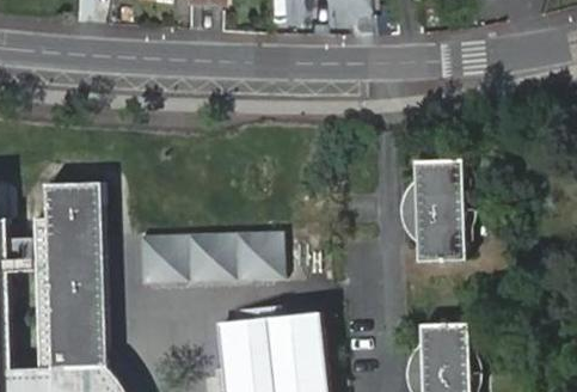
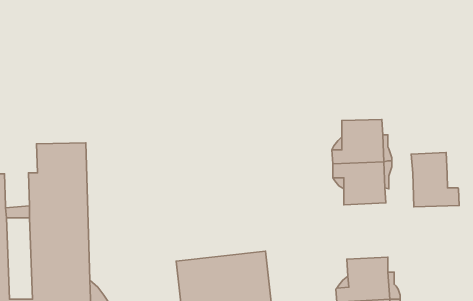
building: none -> [411,153,459,207]
building: [140,229,284,281] -> none

